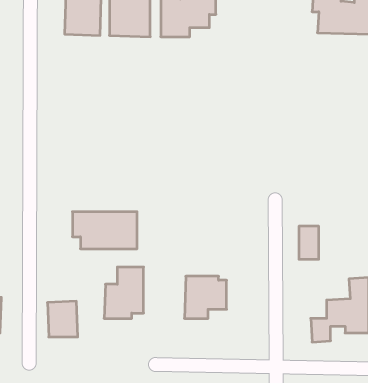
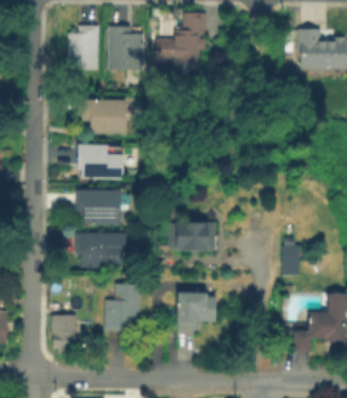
building: none -> [75,101,129,136]
building: none -> [75,146,123,181]
building: none -> [73,191,120,224]
building: none -> [166,222,216,250]

